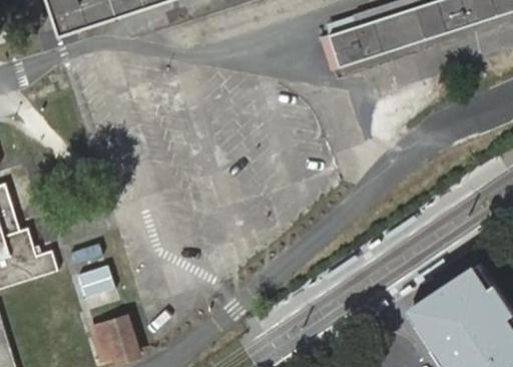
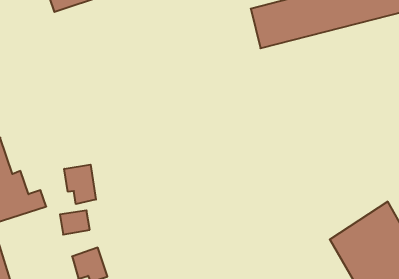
building: none -> [64,165,96,204]

